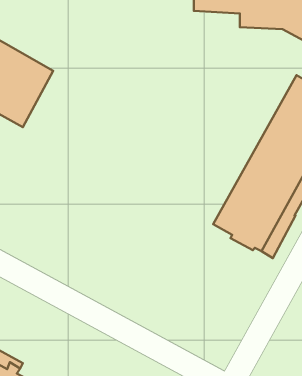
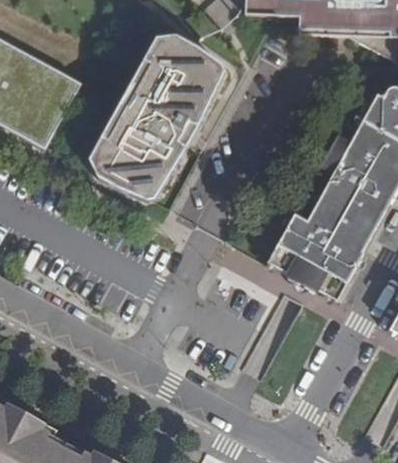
building: none -> [90,37,225,201]

